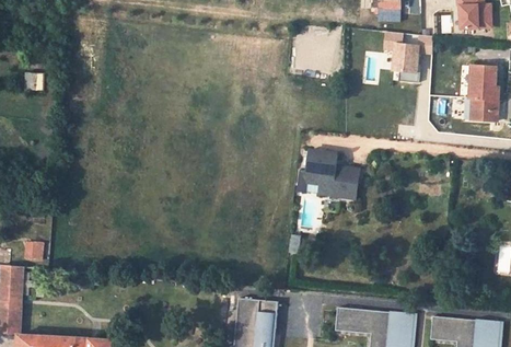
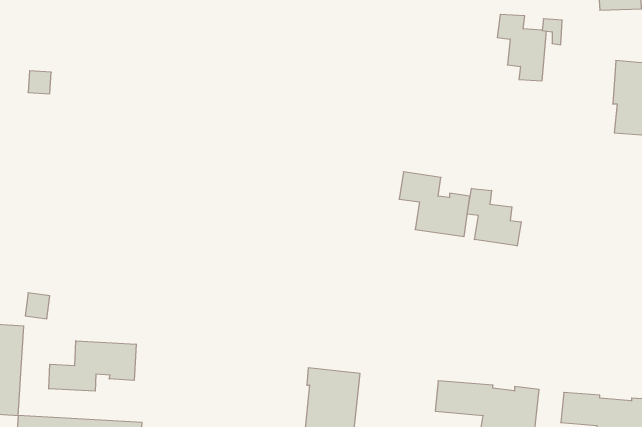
building: none -> [467,188,521,246]
building: [298,170,322,194] -> none
building: none -> [49,341,136,391]

